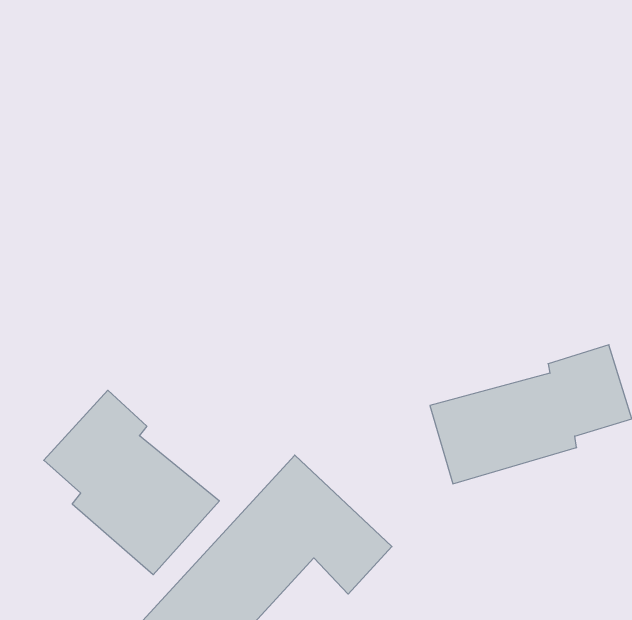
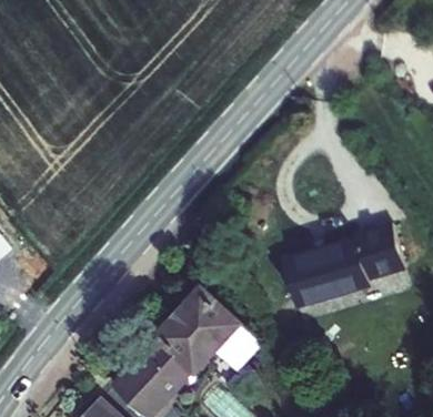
building: [44,390,219,575] -> none

